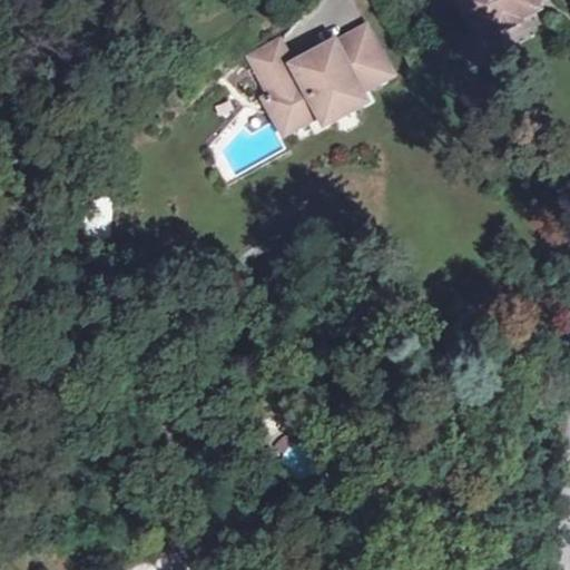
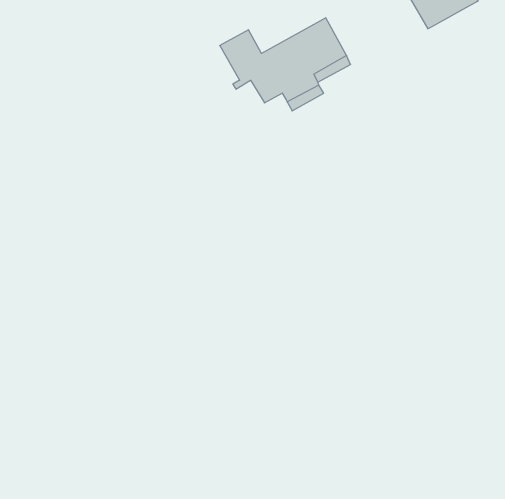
building: [266,90,323,132] -> none

